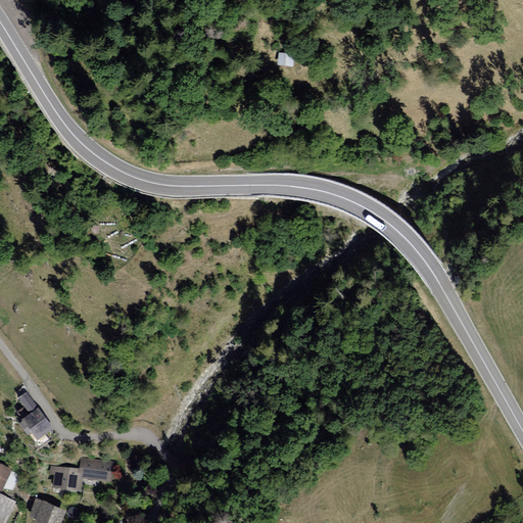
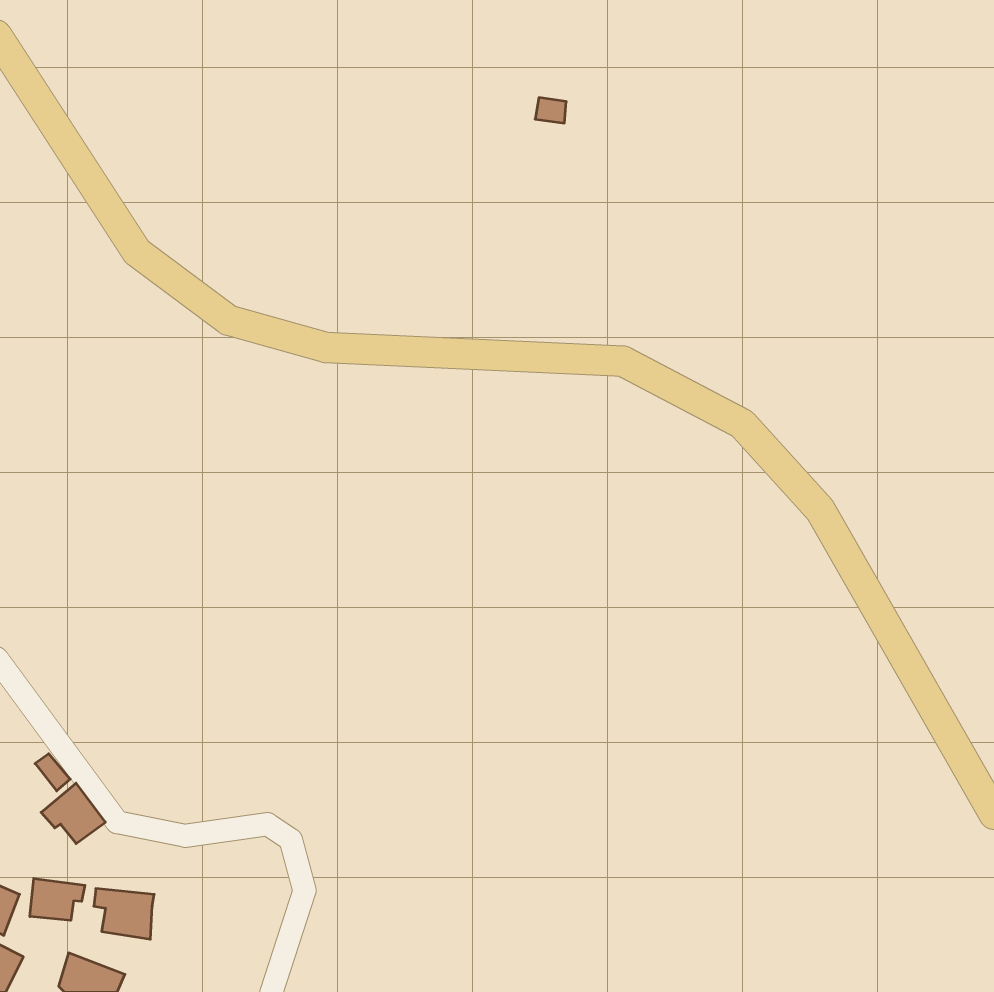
building: [80,458,110,477] -> none
building: none -> [30,878,85,920]

